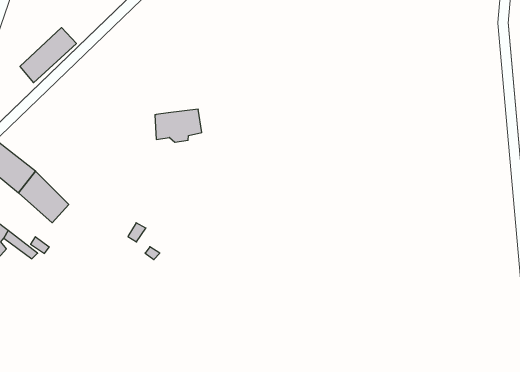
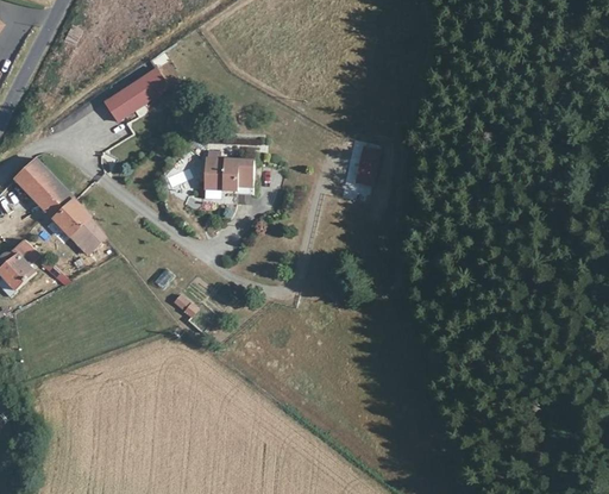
building: [20,28,76,83] -> [105,67,168,120]

